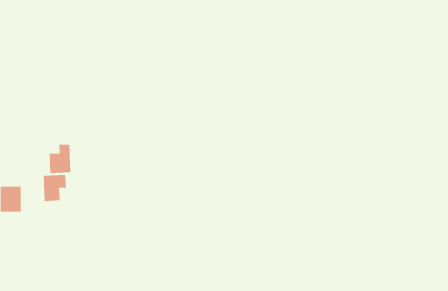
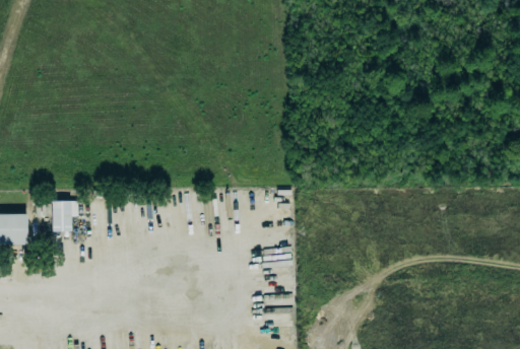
building: [49,144,71,174] -> none

